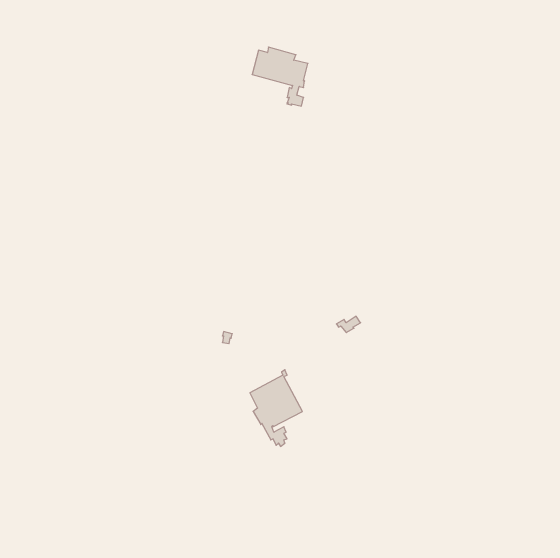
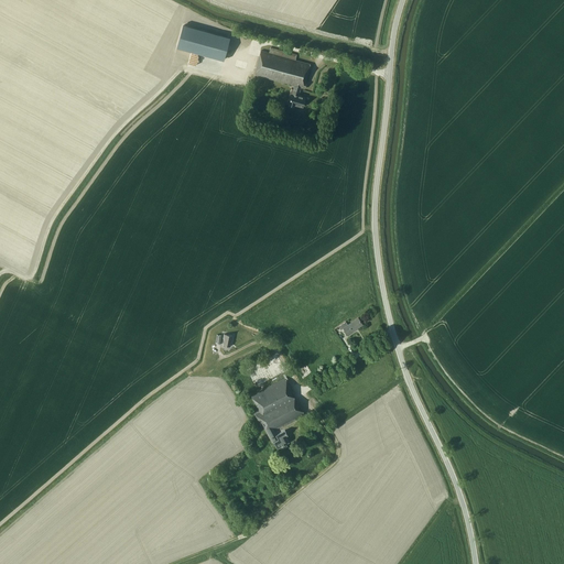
building: none -> [177,26,229,61]

